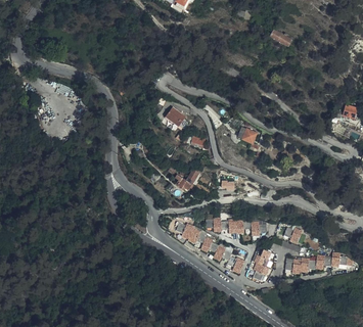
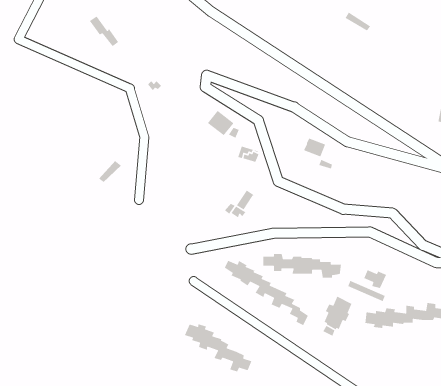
building: none -> [184,323,253,372]

